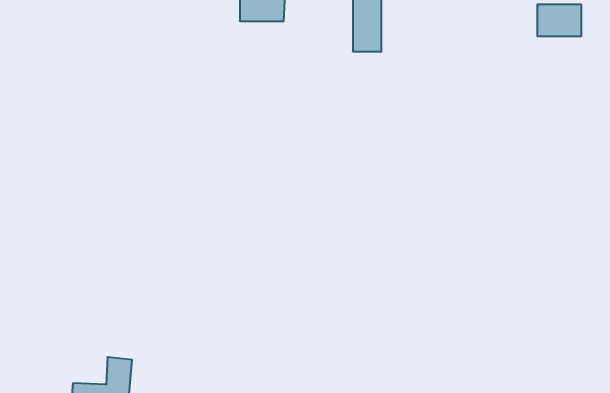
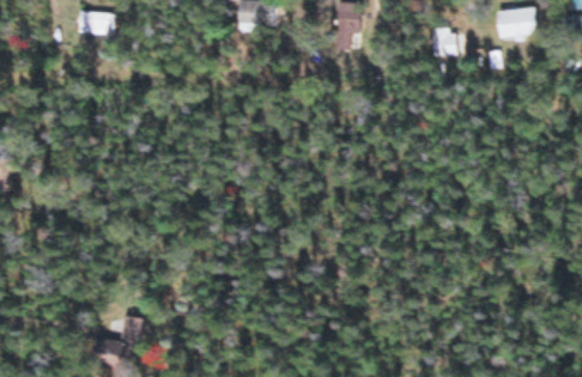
building: none -> [80,12,108,35]
building: none -> [432,28,455,55]

